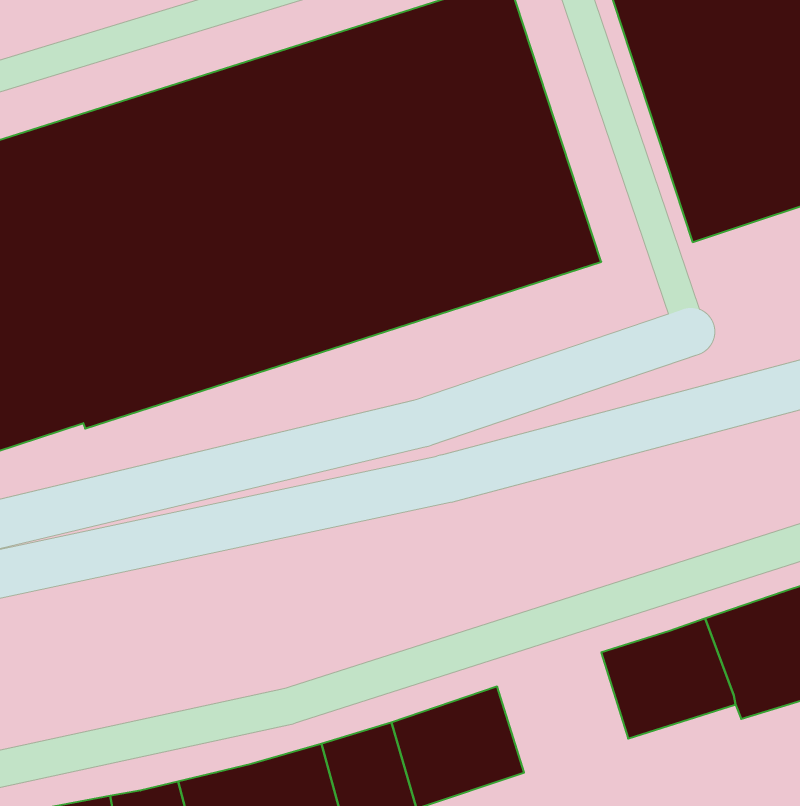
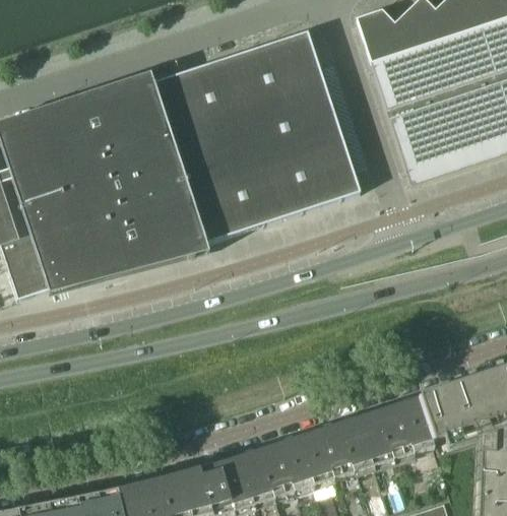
building: none -> [301,413,375,481]

